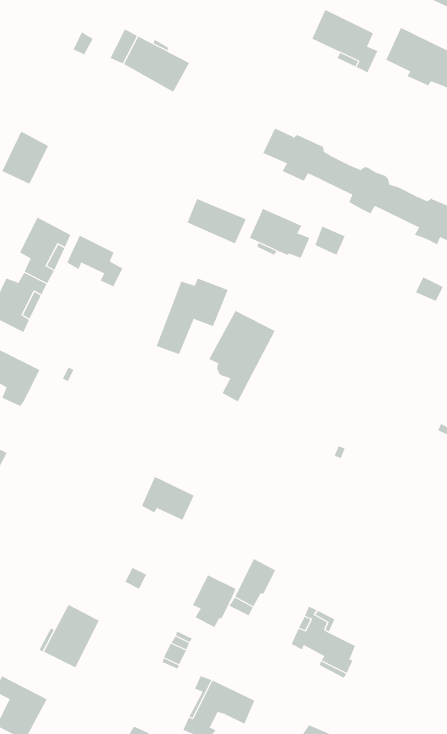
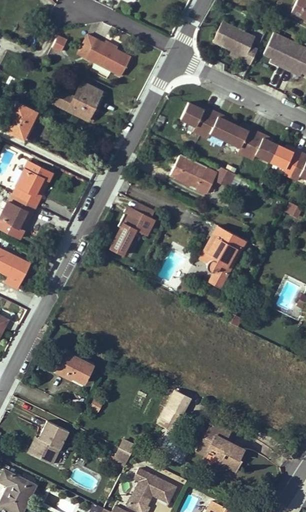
building: none -> [69,83,101,120]
building: [187,198,246,244] -> none
building: [66,235,123,287] -> none
building: [209,310,275,402] -> [200,226,245,288]
building: [141,476,195,521] -> [56,352,92,382]
building: [192,574,236,628] -> none

